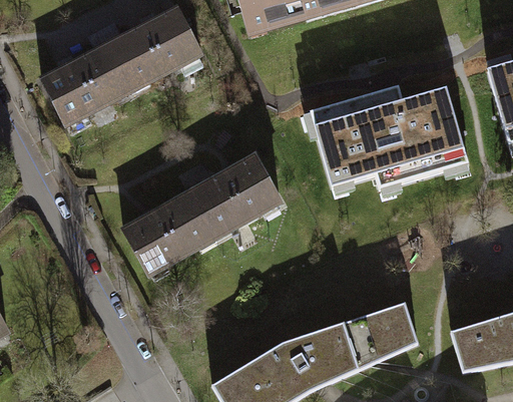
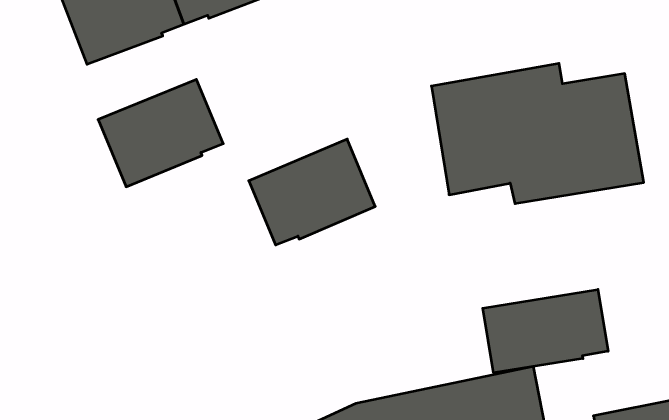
building: [124,192,214,274] -> [98,79,223,187]
building: none -> [483,289,608,373]

